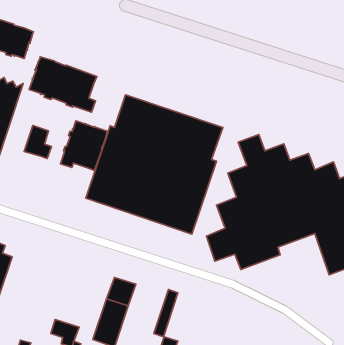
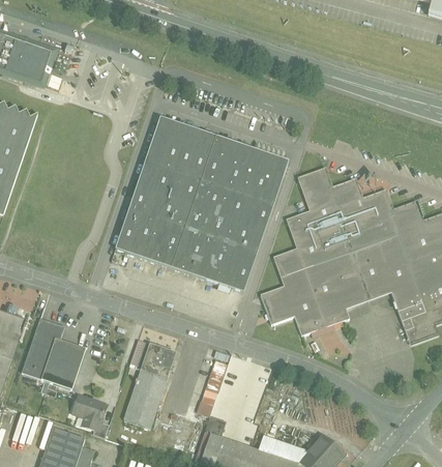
building: [29,57,97,112] -> none
building: [61,121,107,170] -> none
building: [24,125,51,159] -> none
building: none -> [23,318,86,388]

